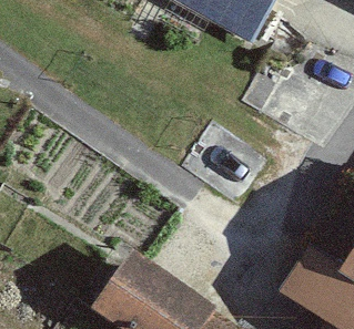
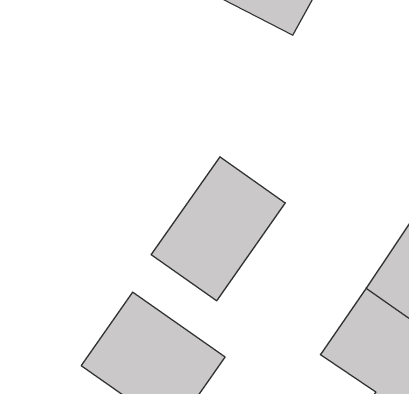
building: none -> [151,157,285,301]

